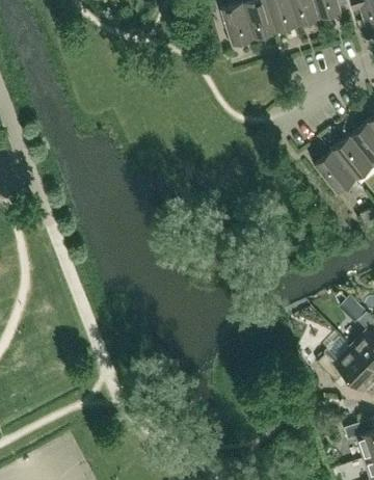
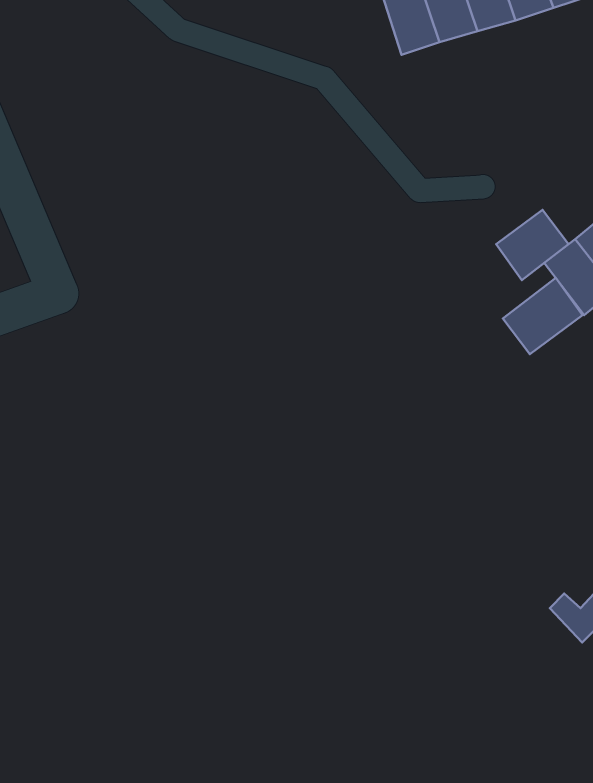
building: none -> [496,210,568,280]
building: none -> [503,278,583,354]

